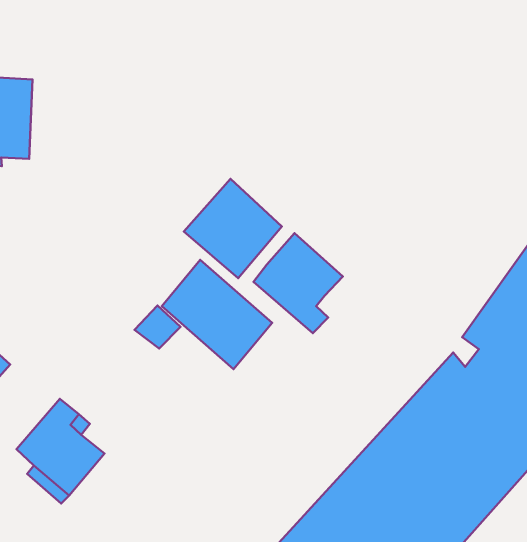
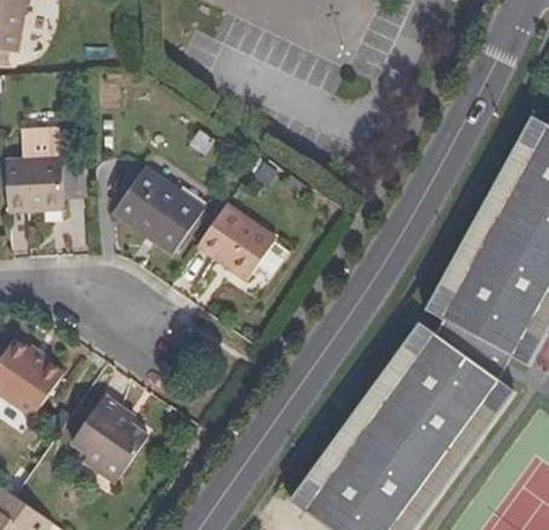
building: [254,233,343,333] -> none
building: [162,260,272,369] -> [104,162,196,249]

